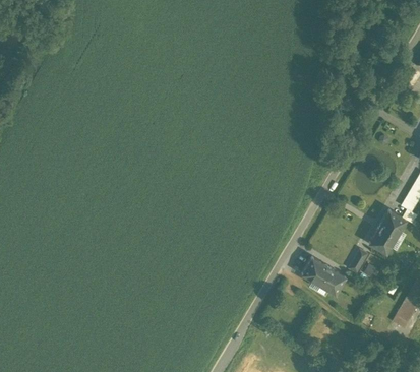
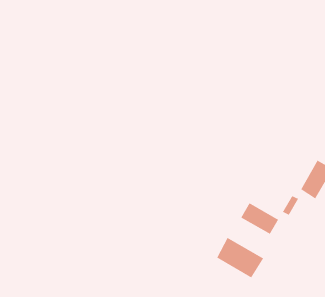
building: none -> [216,237,264,279]

